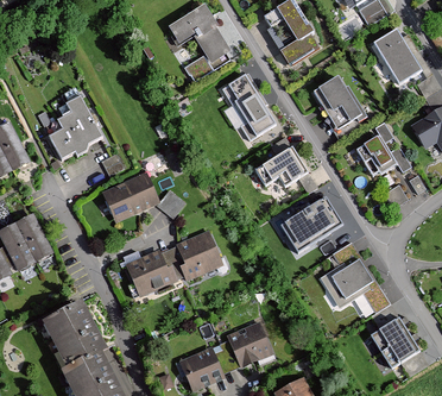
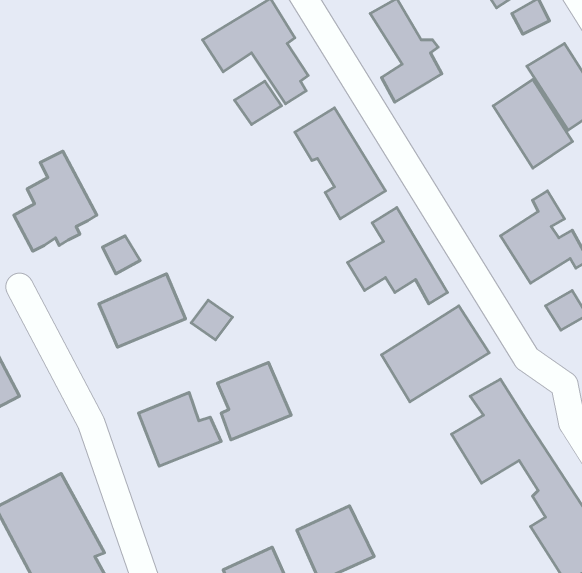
building: [310,75,360,131] -> [493,79,572,168]

